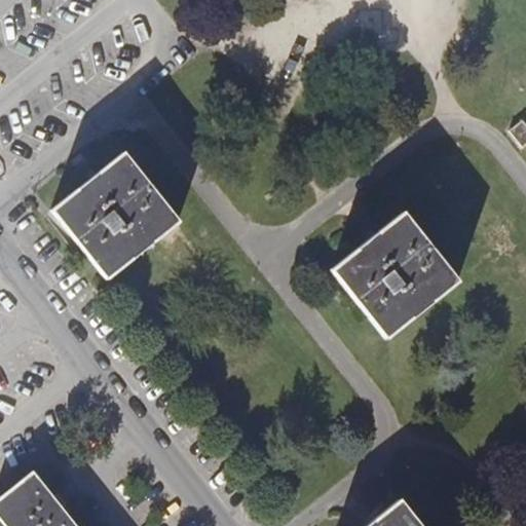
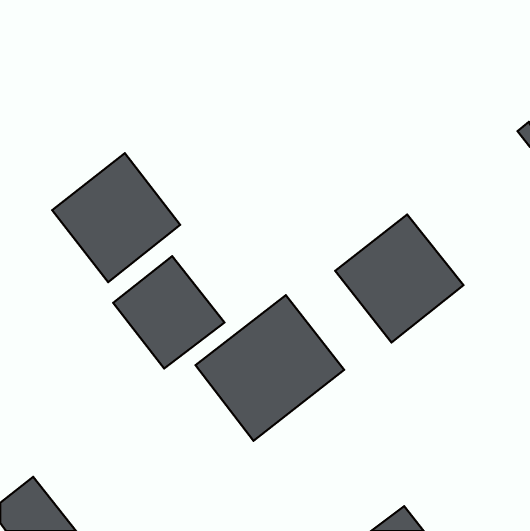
building: none -> [113,256,224,369]
building: none -> [196,295,344,441]

